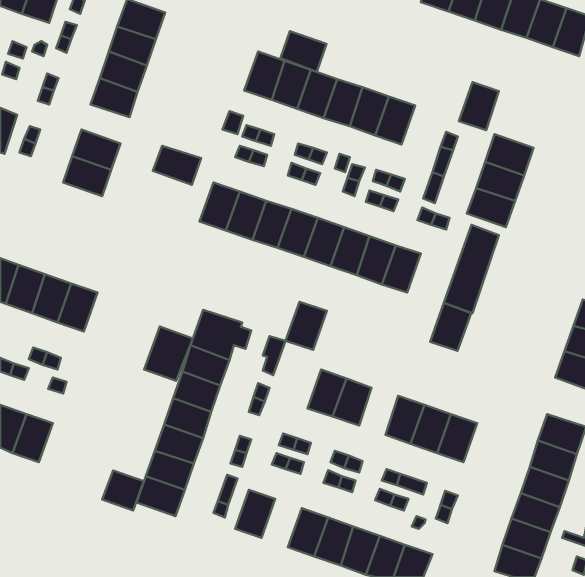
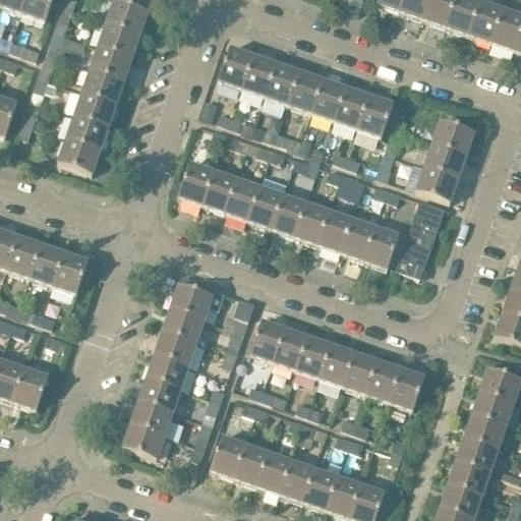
building: [281,31,327,72] -> none
building: [459,82,499,130] -> [357,94,393,136]
building: [153,146,201,185] -> [73,93,116,127]
building: [286,302,327,350] -> [249,320,286,362]
building: [430,303,471,351] -> [362,225,399,268]
building: [144,326,193,381] -> none
building: none -> [320,344,354,386]
building: [102,470,144,510] -> none
building: none -> [233,443,269,485]

